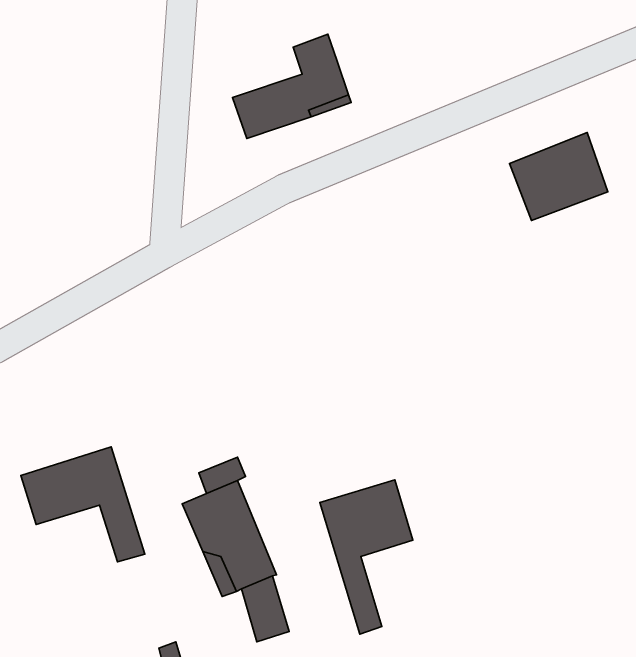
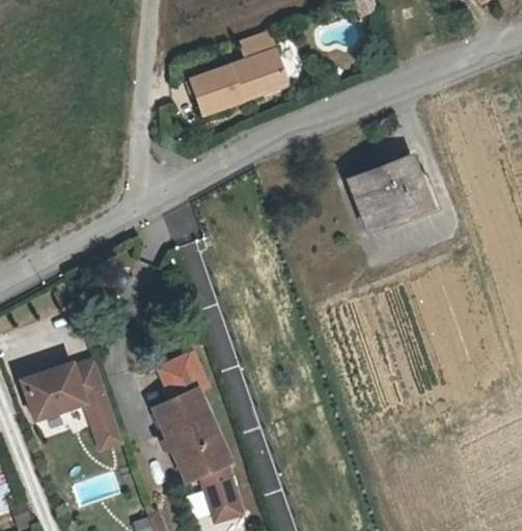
building: [510,133,608,220] -> [350,153,429,224]
building: [320,480,413,634] -> none

